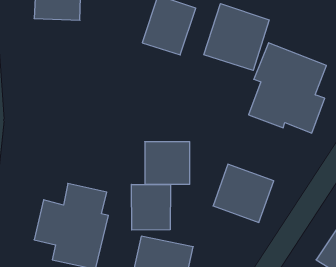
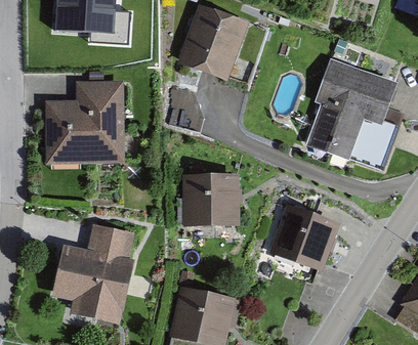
building: [204,4,269,70] -> none
building: none -> [46,78,125,163]
building: [131,184,170,230] -> none

